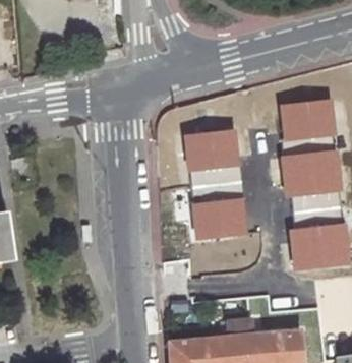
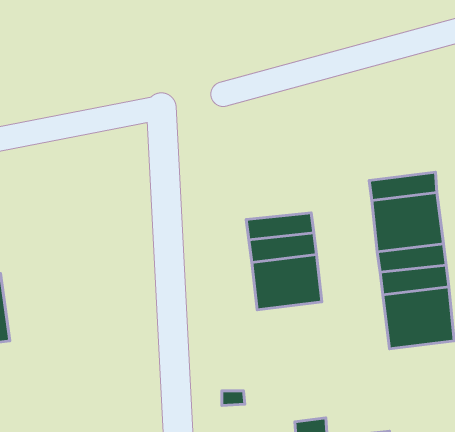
building: [279,100,333,141] -> none
building: [185,129,239,171] -> none

